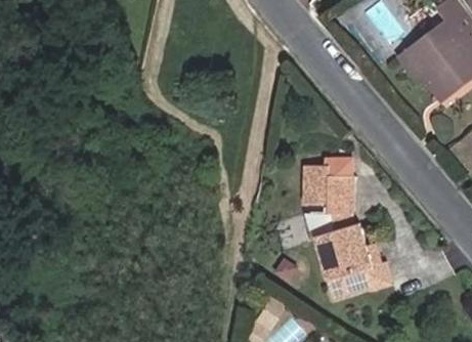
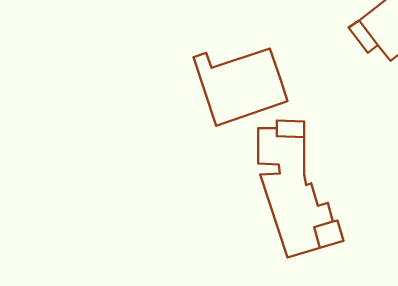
building: none -> [194,48,288,126]

